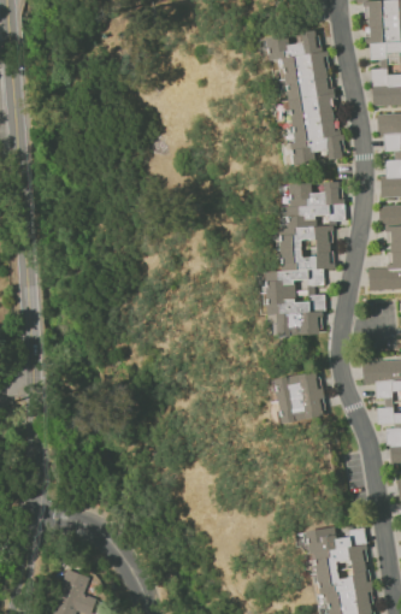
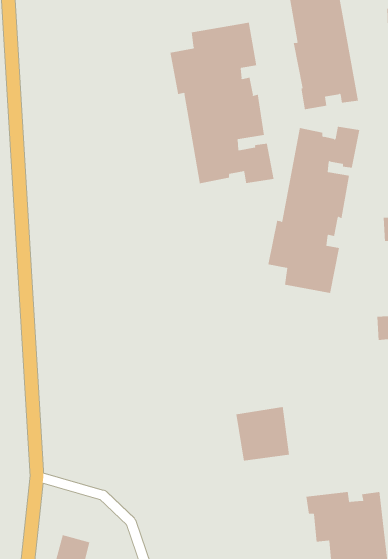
building: none -> [170,22,274,184]
building: [273,371,325,423] -> [236,406,290,461]

